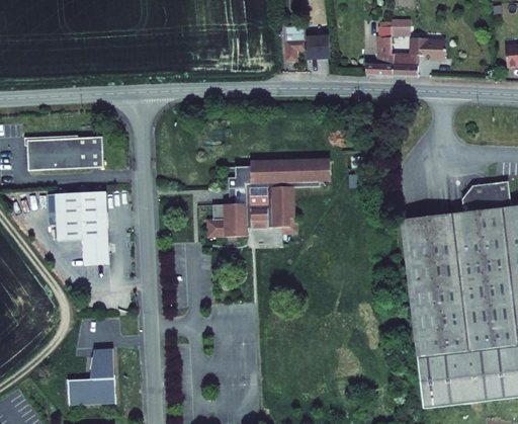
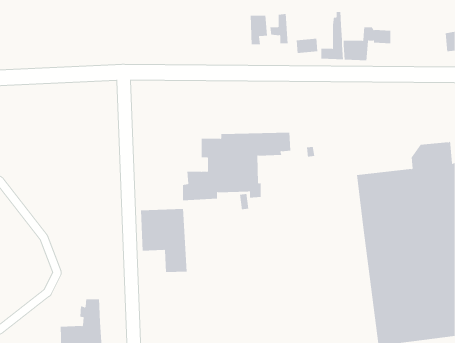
building: [386,21,412,38] -> [296,38,318,53]
building: [26,137,103,171] -> none
building: [56,192,109,265] -> [140,208,187,273]

